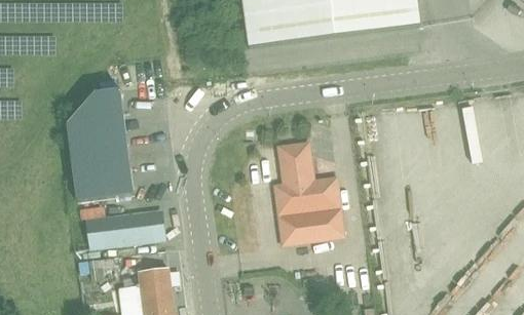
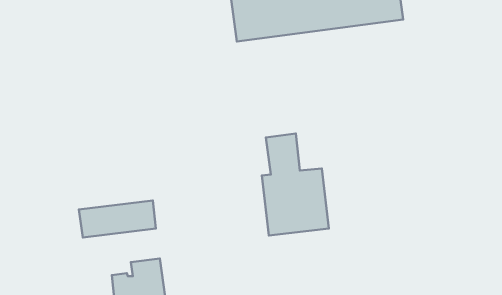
building: [67,88,135,202] -> none

